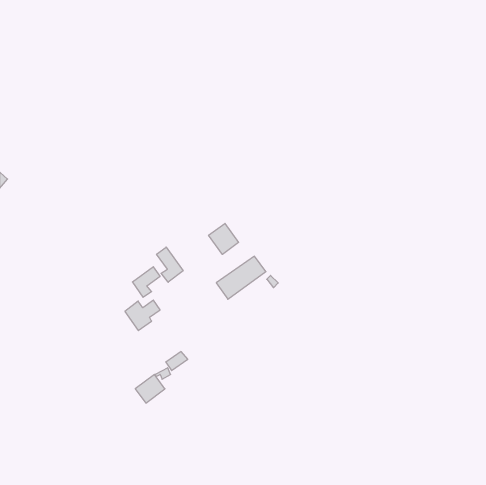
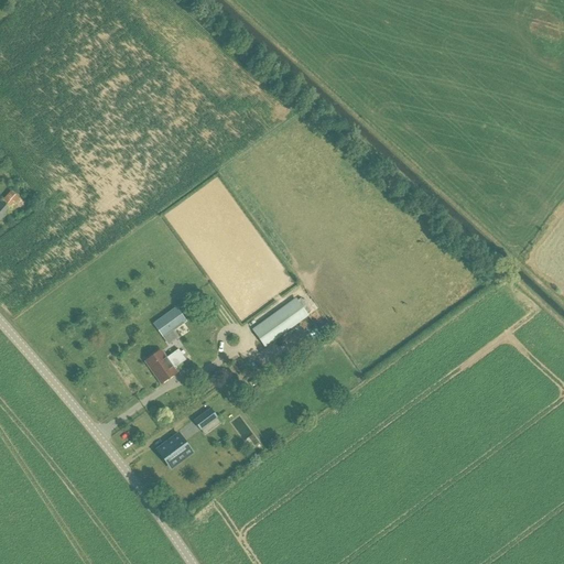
building: [209,223,239,254] -> none
building: [157,247,183,282] -> none

